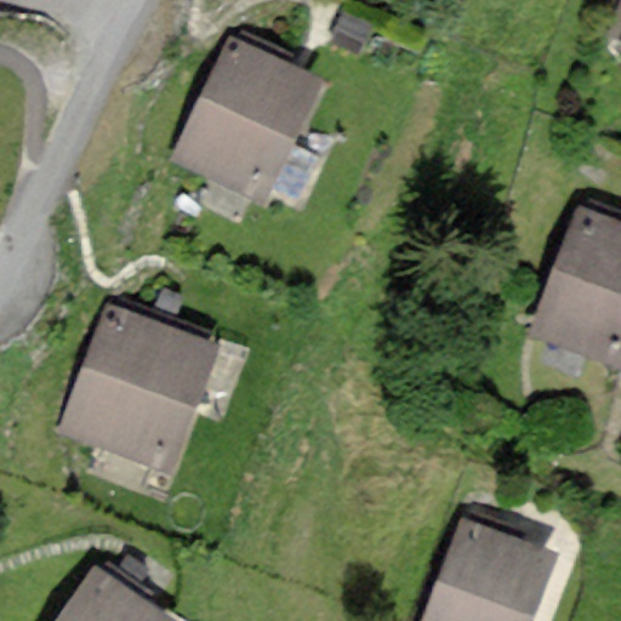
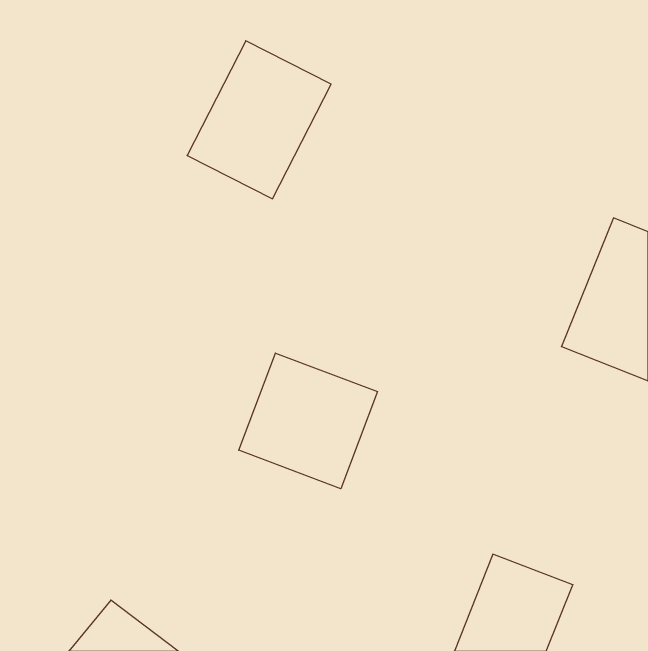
building: [65,302,211,462] -> none
building: none -> [239,353,378,489]

